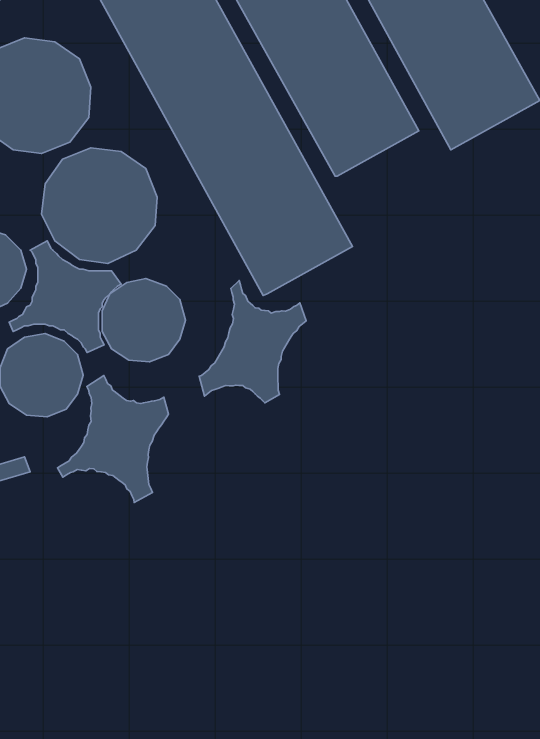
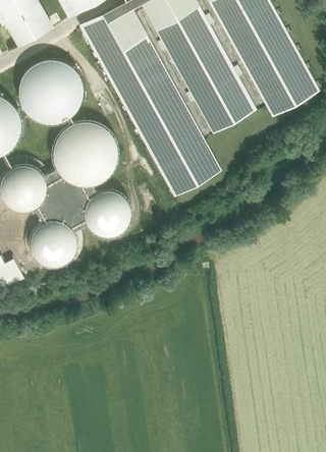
building: [199,281,306,403] -> none
building: [57,375,169,502] -> none

